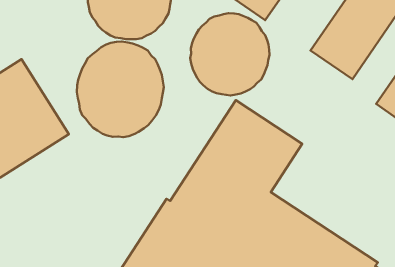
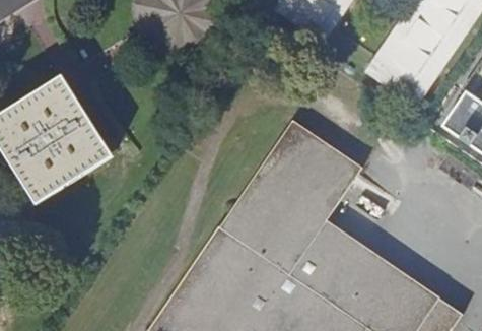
building: [190,13,269,96] -> none
building: [77,41,164,137] -> none

